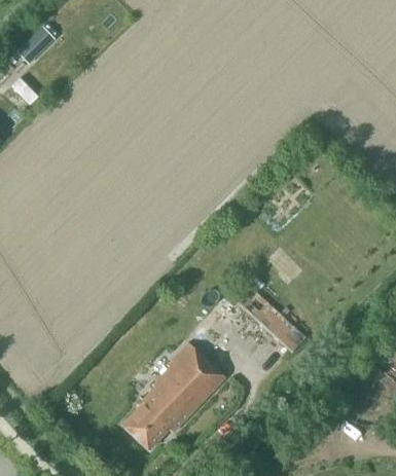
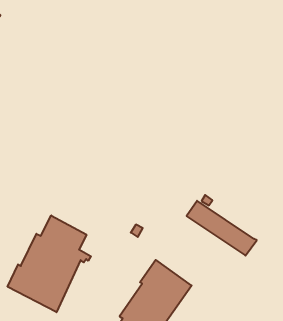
building: none -> [8,215,91,312]

